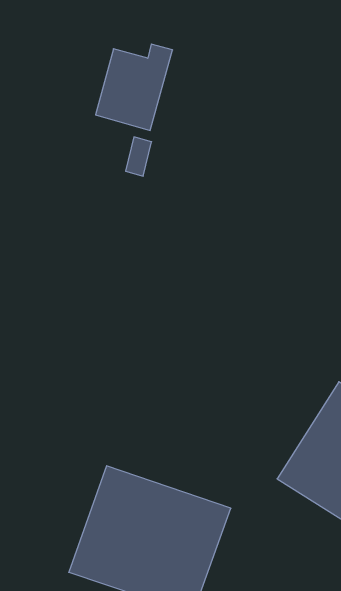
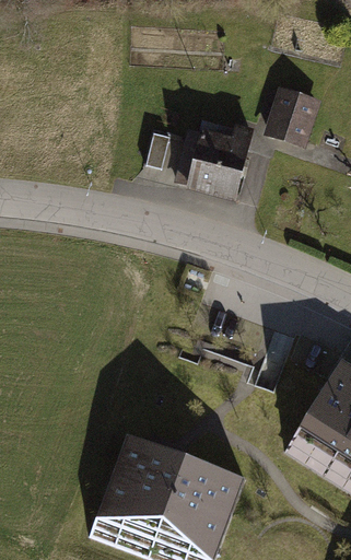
building: [96,44,173,130] -> [182,122,253,202]
building: none -> [260,84,317,147]

